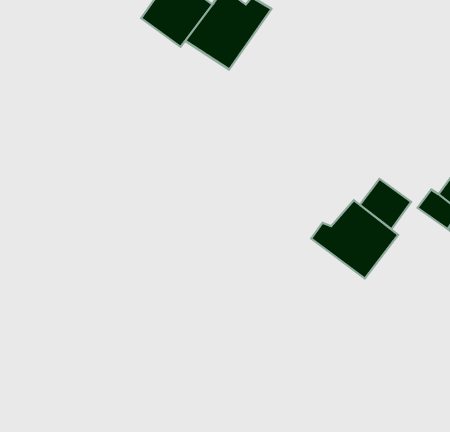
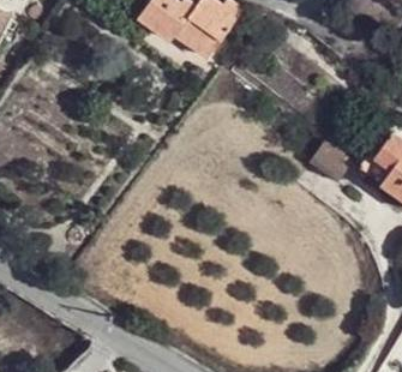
building: [311,200,398,279] -> none

